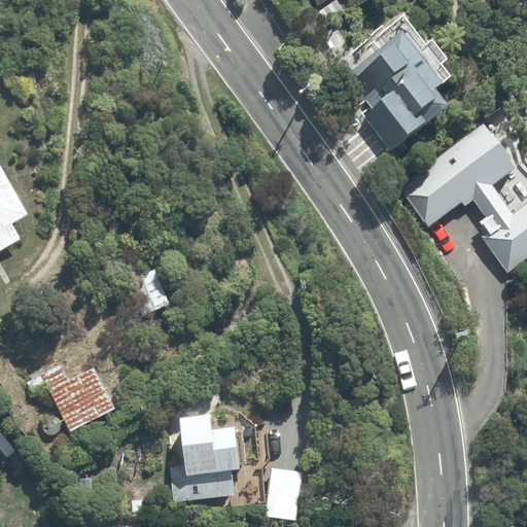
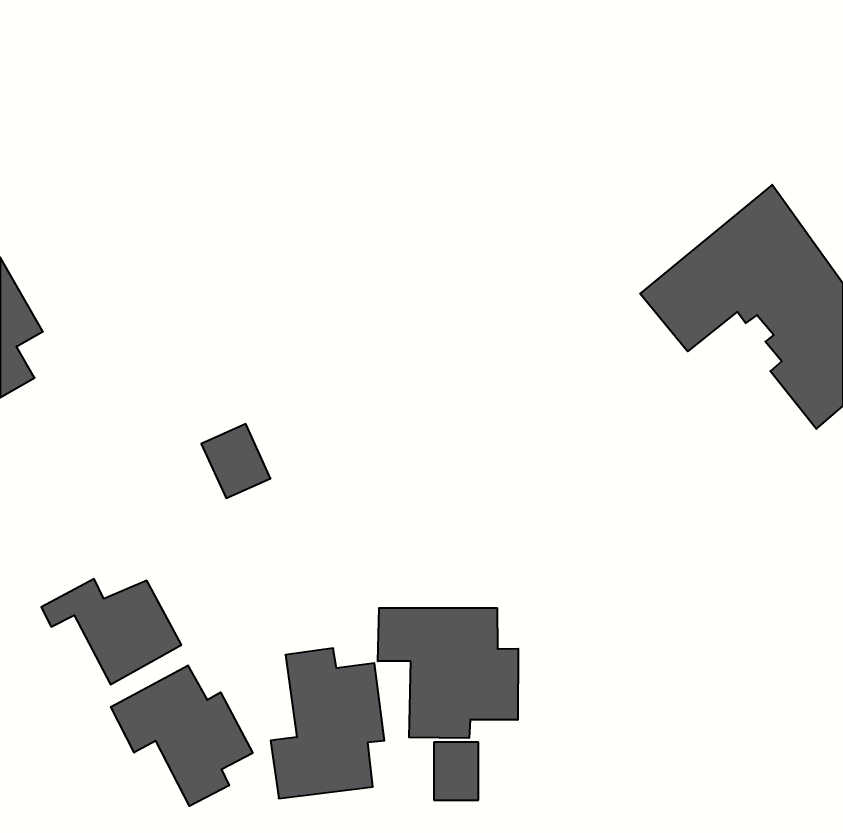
building: [346,14,450,150] -> none
building: none -> [378,608,518,738]
building: none -> [111,665,253,806]

